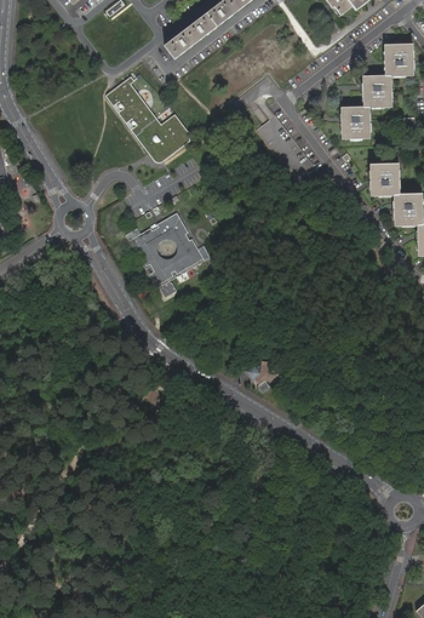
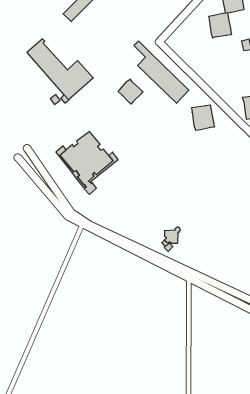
building: [338,107,367,139] -> none
building: none -> [118,79,143,104]
building: [368,165,396,196] -> [191,105,215,130]

